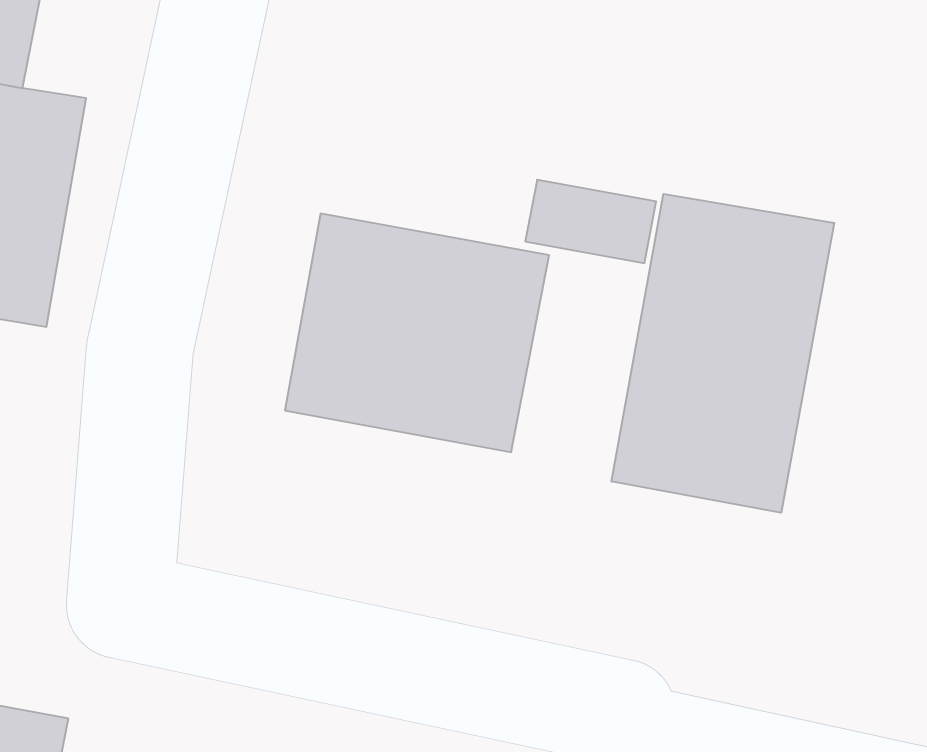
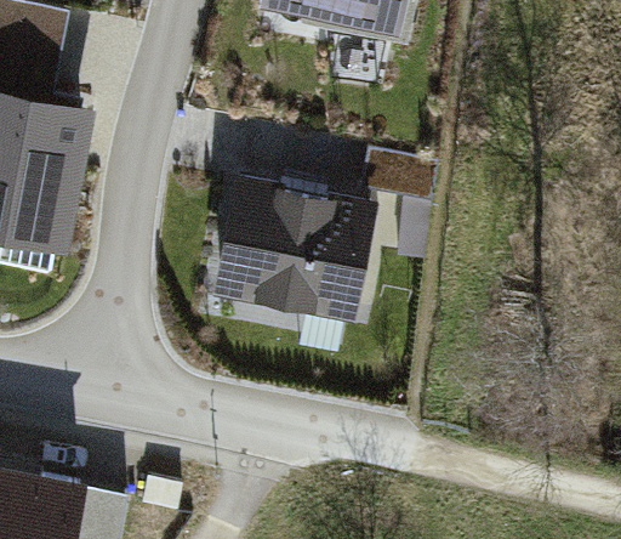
building: [611,194,834,513] -> none

